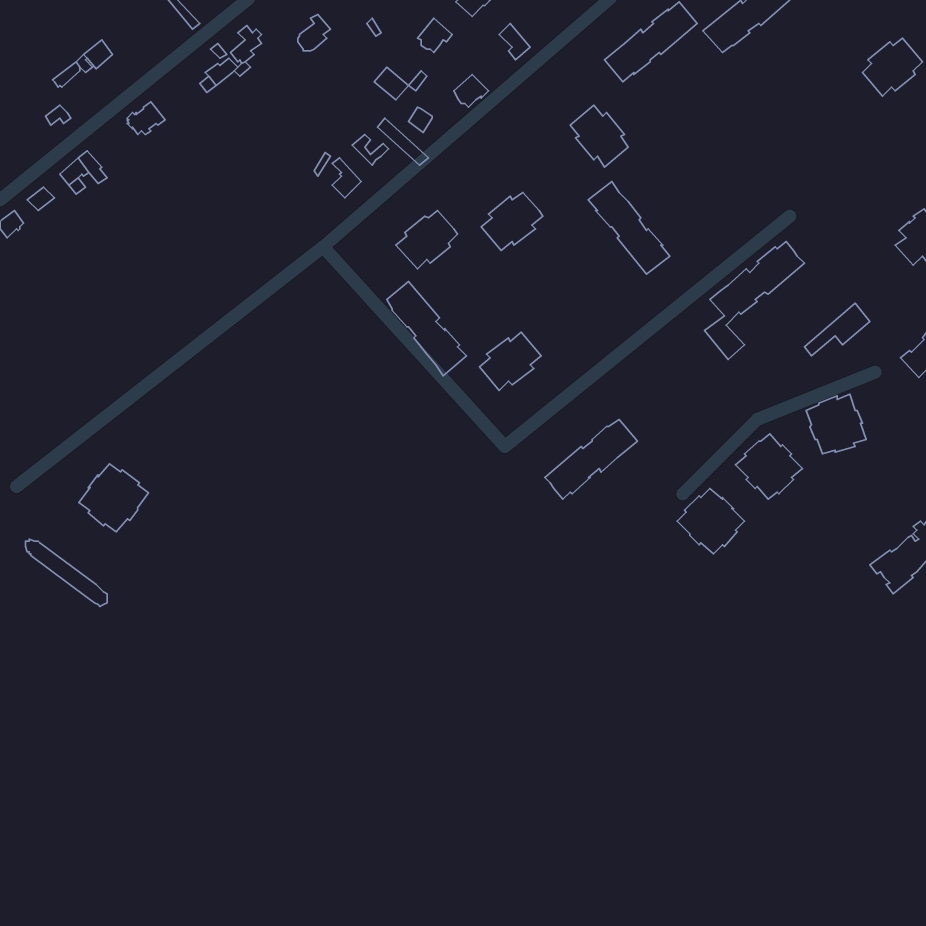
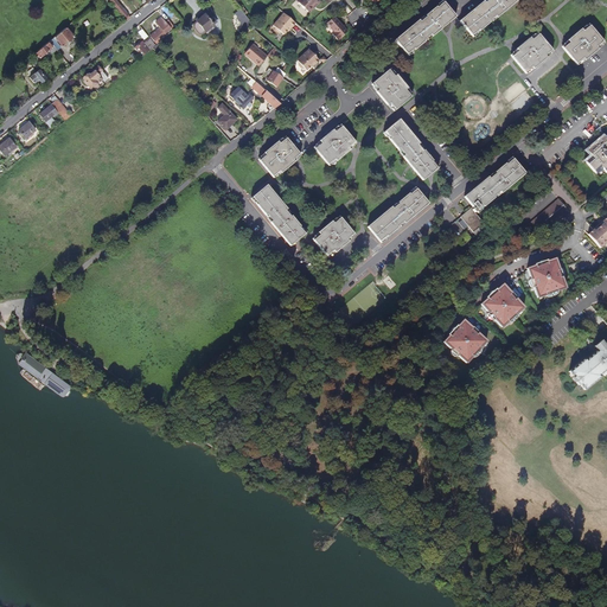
building: none -> [512,33,552,71]
building: [545,419,637,499] -> [369,189,429,241]
building: [79,464,149,532] -> none

